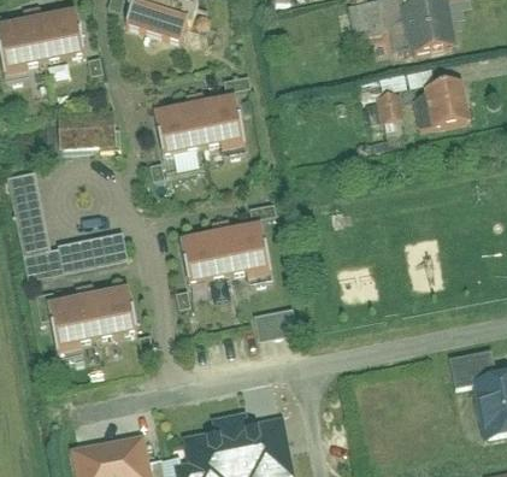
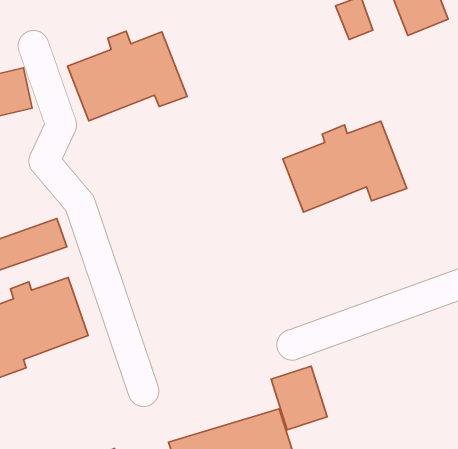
building: [176,218,273,284] -> [283,121,407,212]
building: [253,306,296,338] -> none
building: none -> [271,366,327,430]

